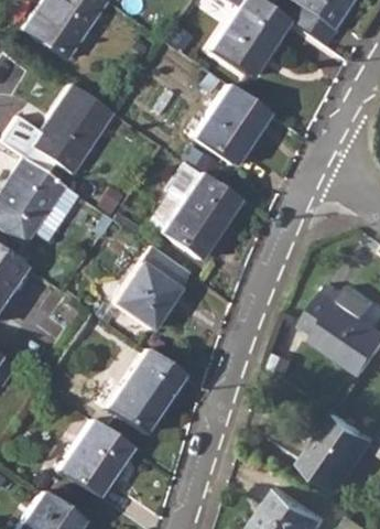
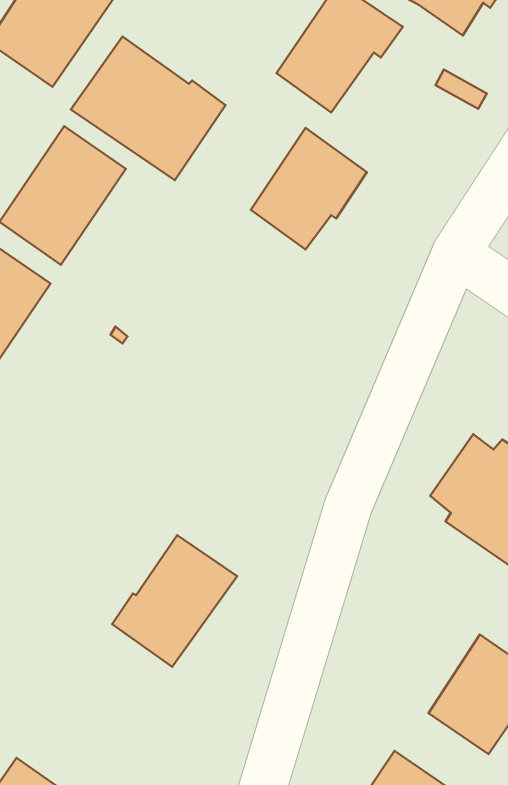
building: none -> [71,37,226,180]
building: [162,164,240,259] -> none
building: [115,246,191,328] -> none
building: [59,419,134,497] -> none

